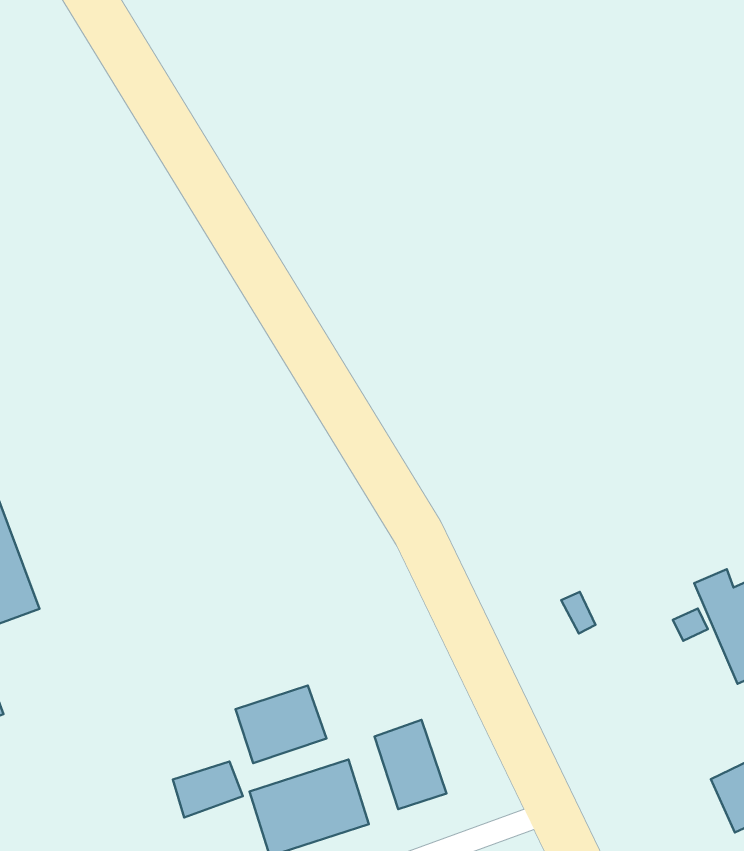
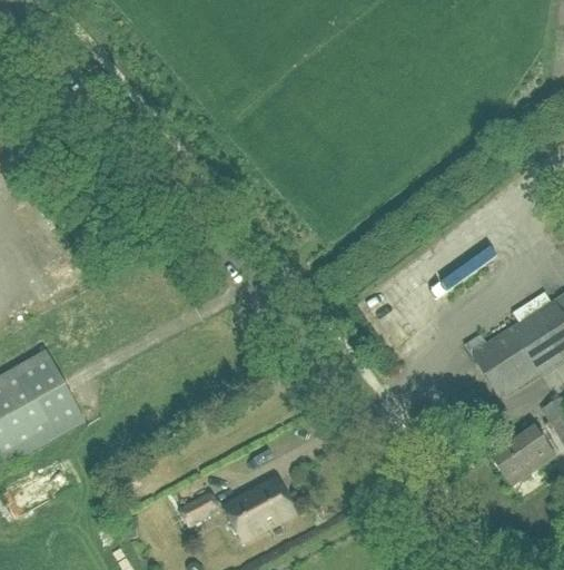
building: [236,686,326,763] -> none
building: [375,720,447,809] -> none

